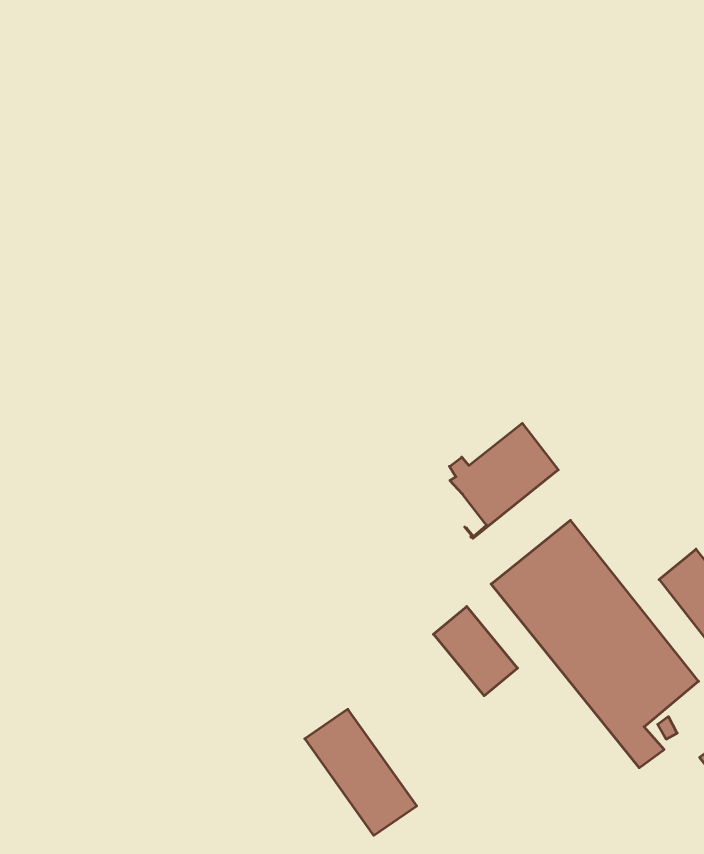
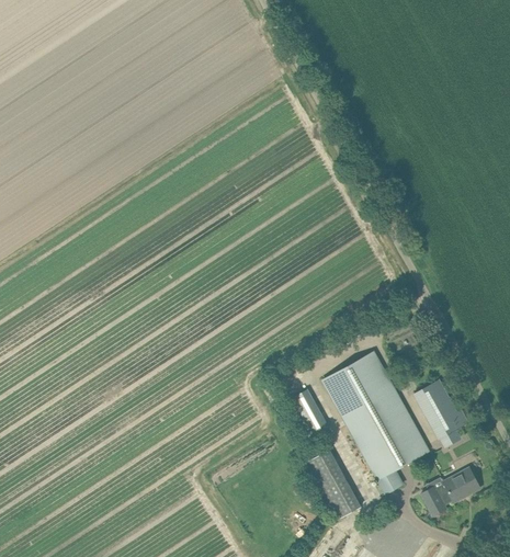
building: [449,423,558,538] -> none
building: [305,709,417,835] -> [308,448,363,520]

